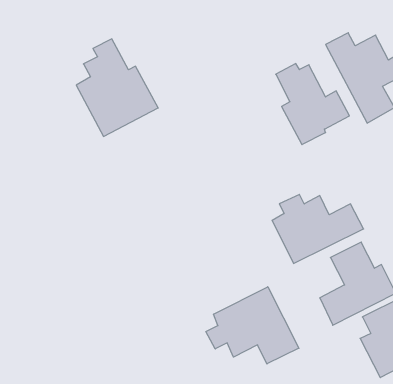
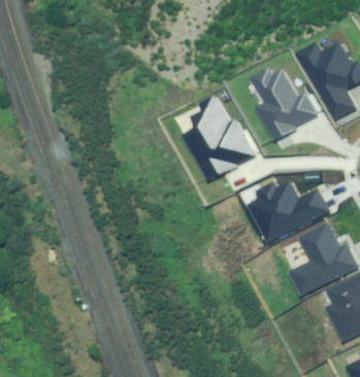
building: [76,39,158,136] -> [187,94,258,178]
building: [206,287,299,364] -> none

